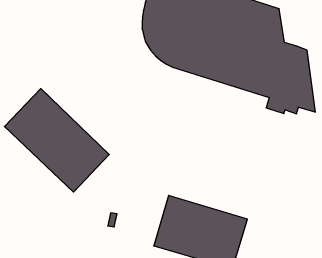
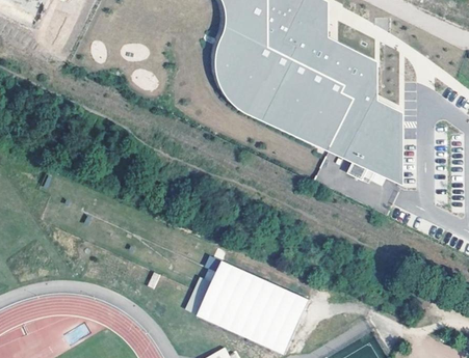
building: [4,89,109,192] -> none

